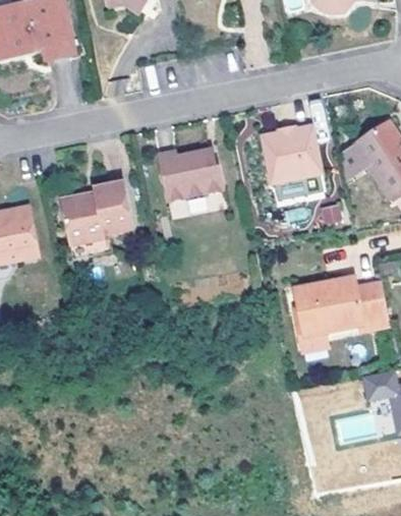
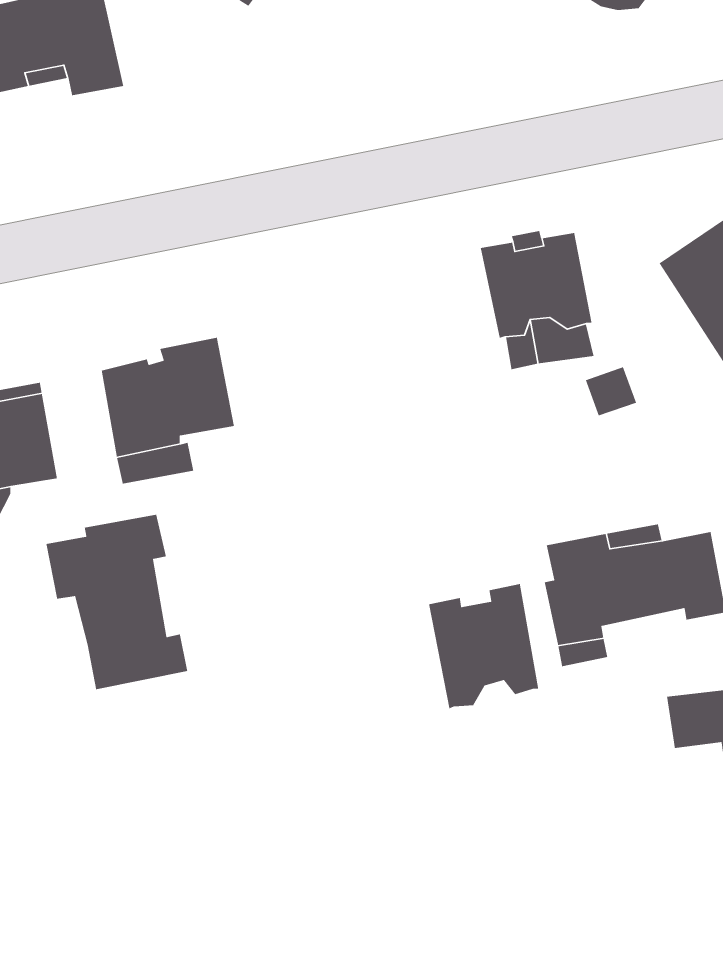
building: [158,150,224,200] -> none
building: none -> [45,514,188,690]
building: none -> [428,583,539,710]

